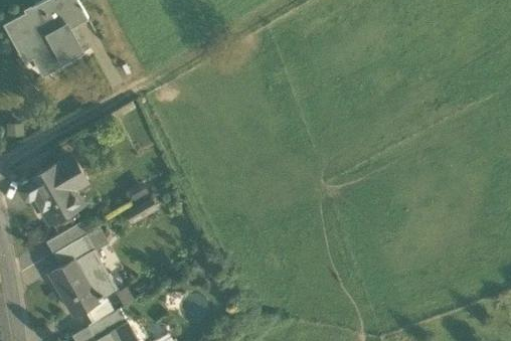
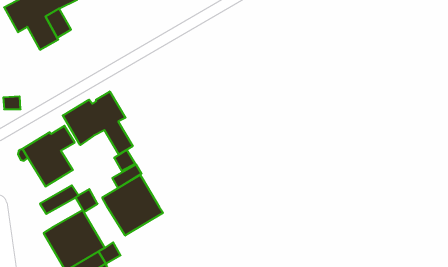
building: none -> [63,91,133,155]
building: none -> [102,175,163,236]
building: [52,235,93,268] -> none

